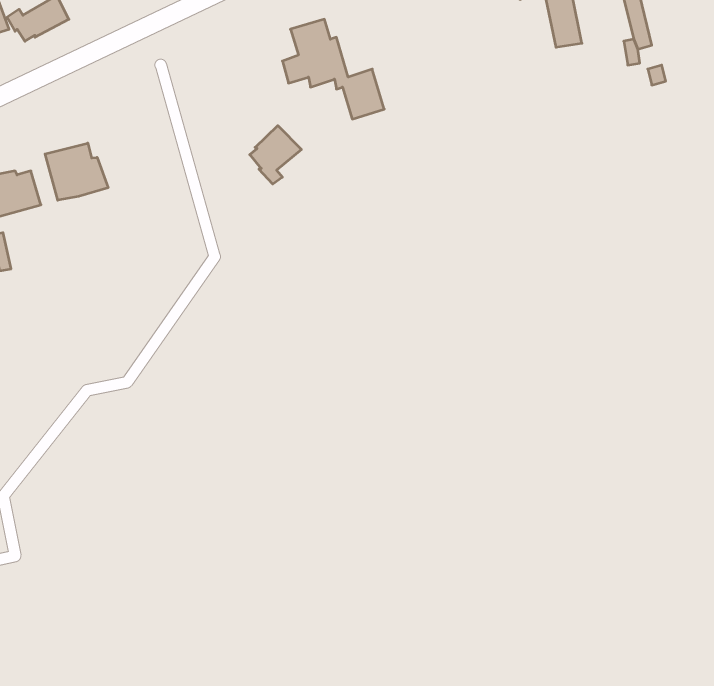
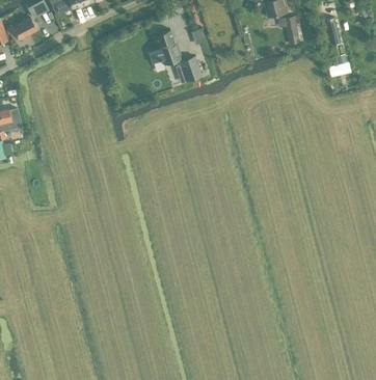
building: [250,126,301,184] -> none
building: [45,143,108,200] -> none

